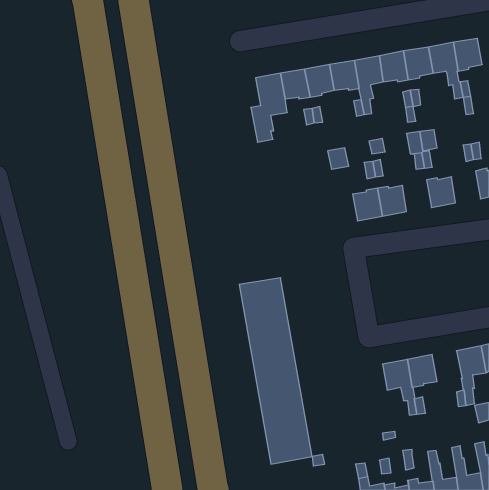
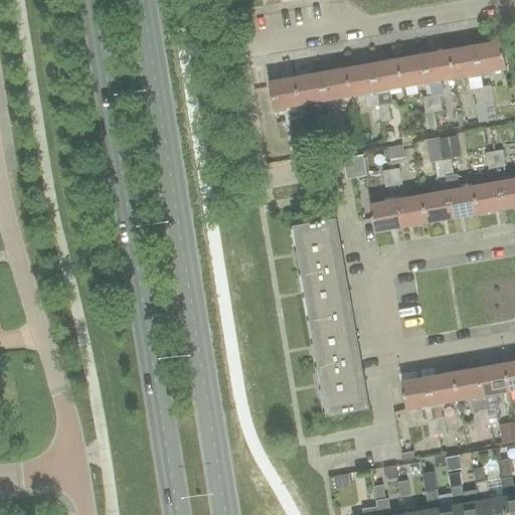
building: none -> [473,179,503,212]
building: none -> [421,188,452,221]
building: [239,278,312,464] -> [293,218,369,413]
building: none -> [453,367,484,399]

